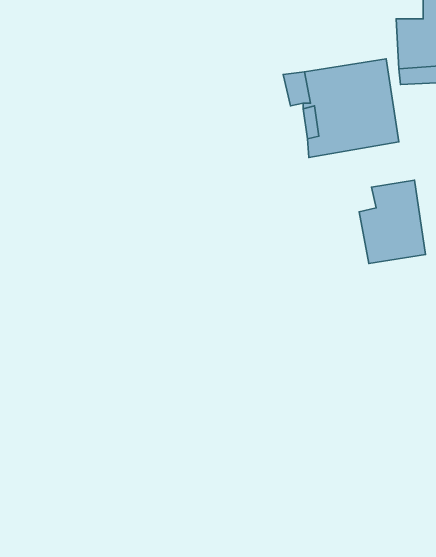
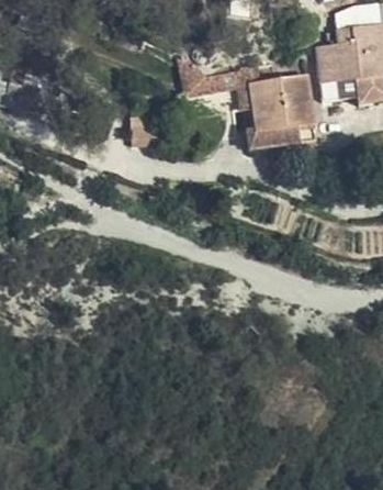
building: [359,180,426,264] -> none

